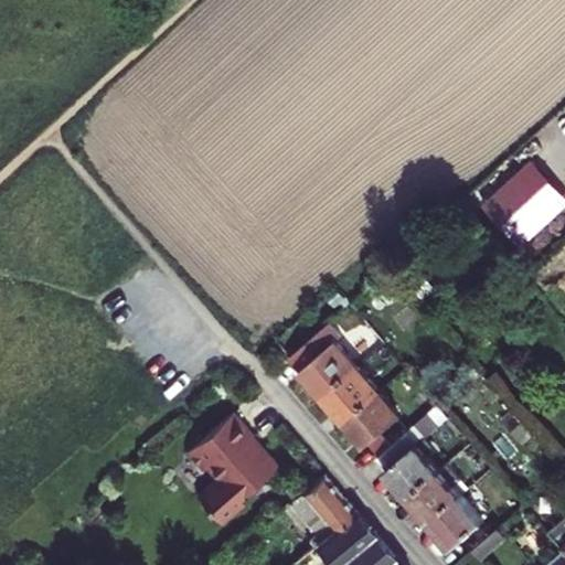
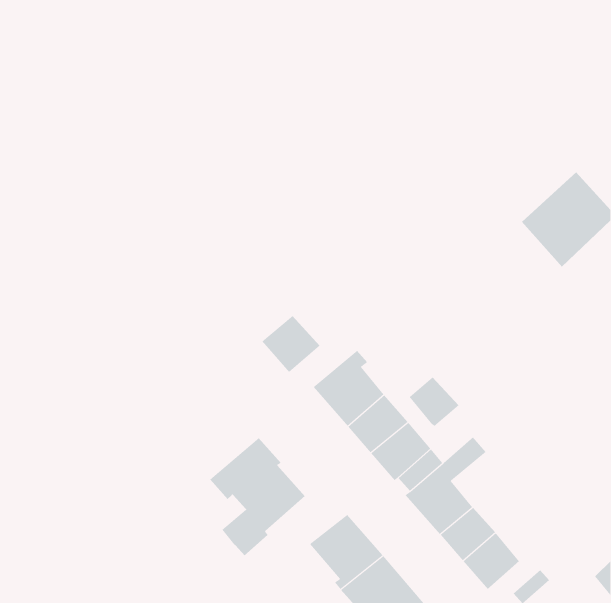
building: none -> [261,315,320,373]
building: none -> [409,376,459,427]

